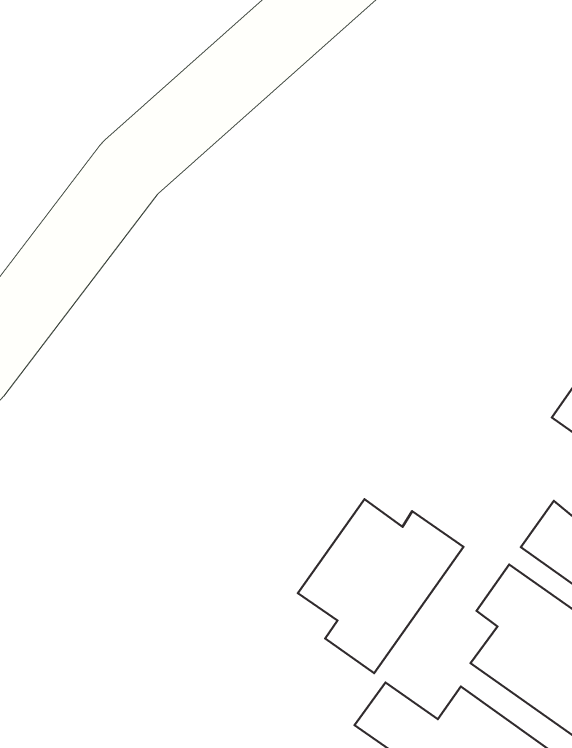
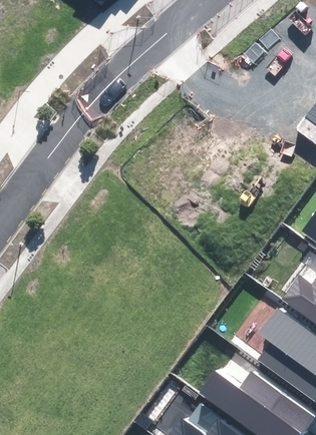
building: [298,499,464,673] -> none

